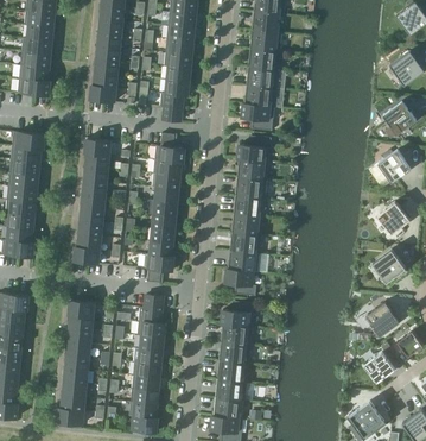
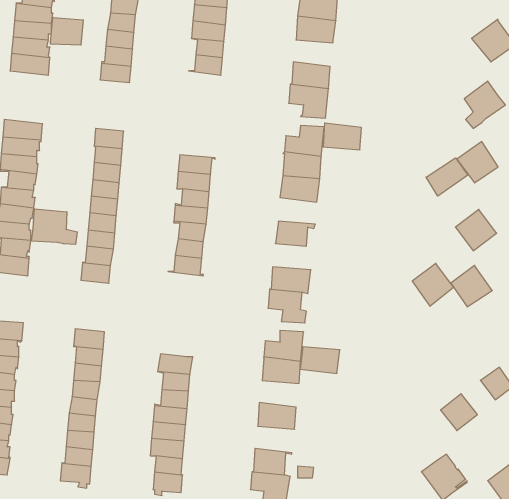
building: none -> [50,17,83,45]
building: [246,67,278,88] -> none
building: [160,92,187,121] -> none
building: [154,132,184,162] -> none
building: none -> [426,158,468,196]
building: [234,194,265,215] -> [323,123,361,150]
building: none -> [32,209,77,244]
building: [229,231,261,252] -> none
building: [144,253,173,282] -> none
building: [139,294,163,322] -> none
building: [365,302,399,336] -> [412,263,454,306]
building: [218,341,250,363] -> [300,347,340,373]
building: [215,378,247,399] -> none

